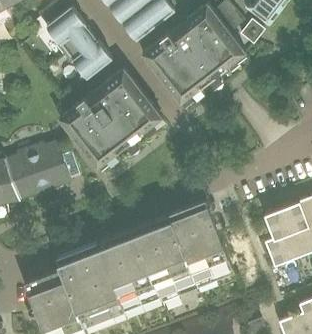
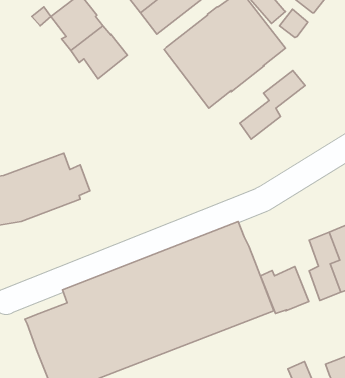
building: [57,67,161,167] -> none
building: none -> [240,71,305,139]
building: none -> [260,266,309,313]

